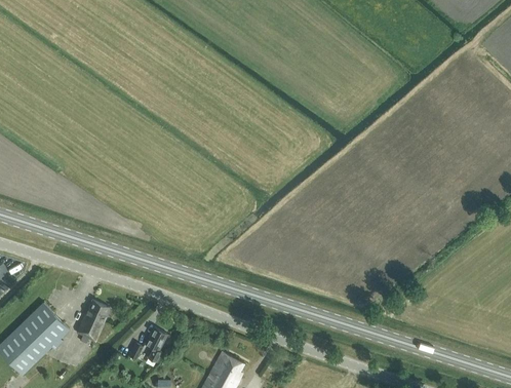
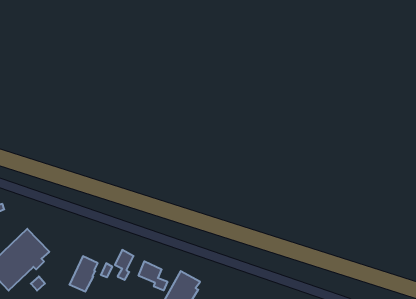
building: [76,300,109,341] -> [69,256,98,292]
building: none -> [139,261,167,290]

